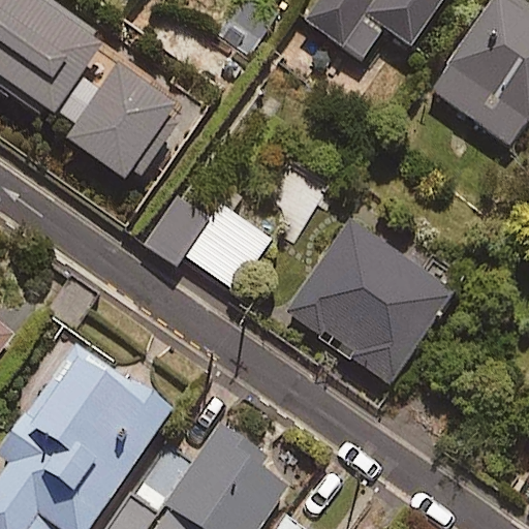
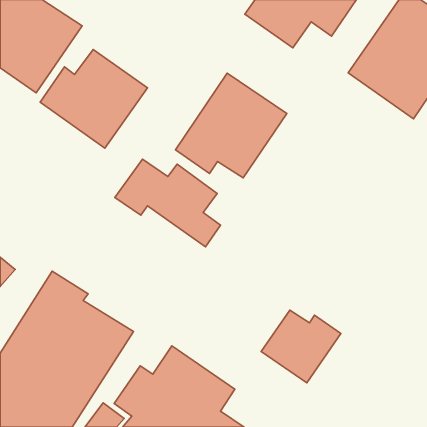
building: none -> [175,73,287,178]
building: [286,220,453,382] -> none
building: none -> [261,310,341,383]

